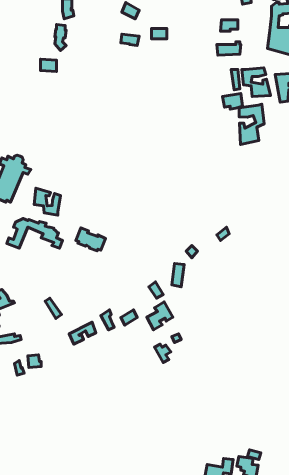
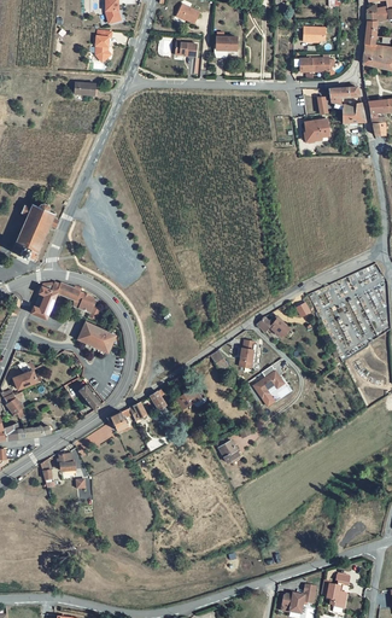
building: [239,104,264,145] -> none
building: [34,188,60,215] -> none
building: [76,228,106,251] -> [78,327,116,356]
building: [147,302,173,330] -> [253,361,286,396]

